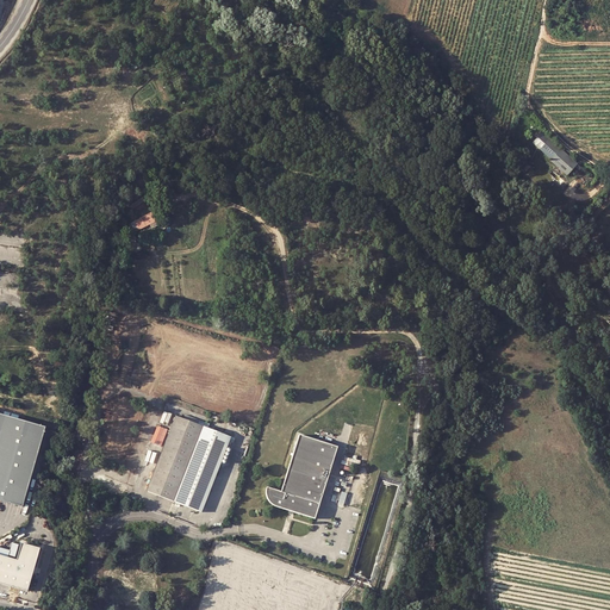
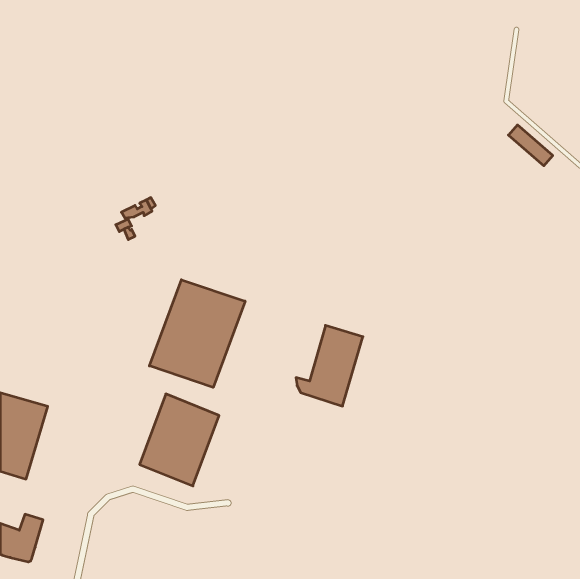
building: none -> [149,280,245,387]
building: [264,434,335,518] -> [296,325,363,406]

